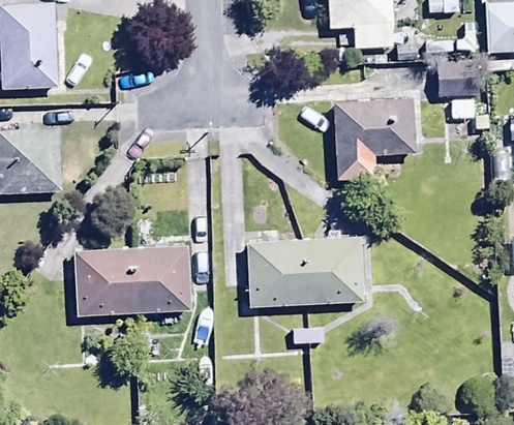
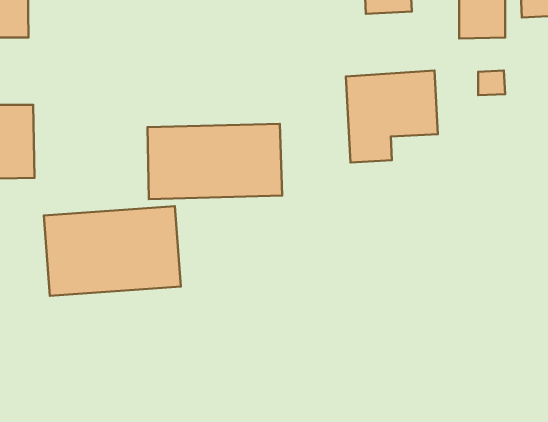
building: [244,224,362,291] -> [148,124,282,199]

